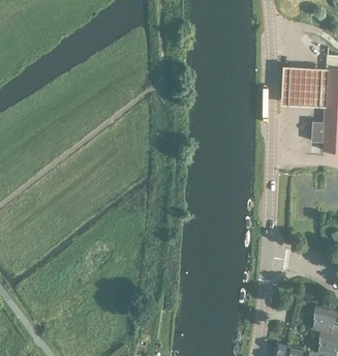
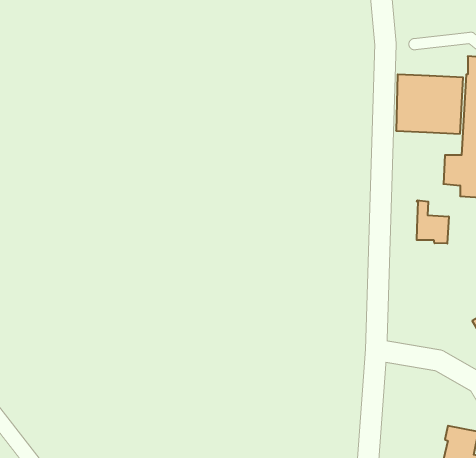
building: none -> [417,200,449,244]

